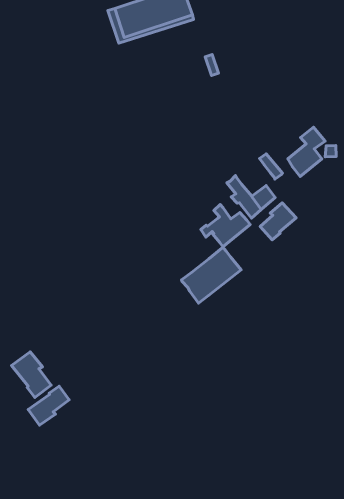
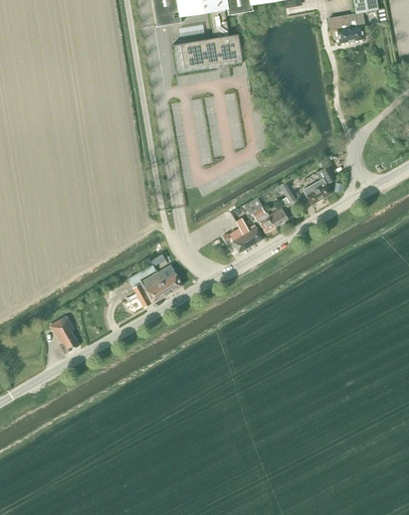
building: [260,203,296,240] -> none
building: [182,247,241,303] -> [132,264,182,307]
building: [28,386,69,425] -> none

